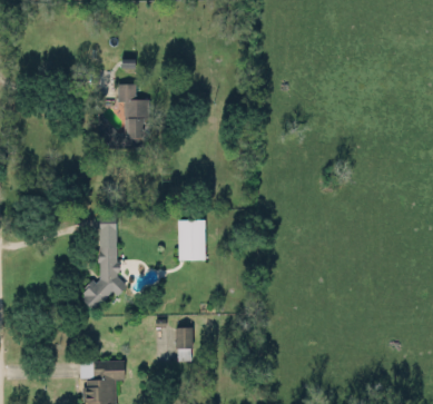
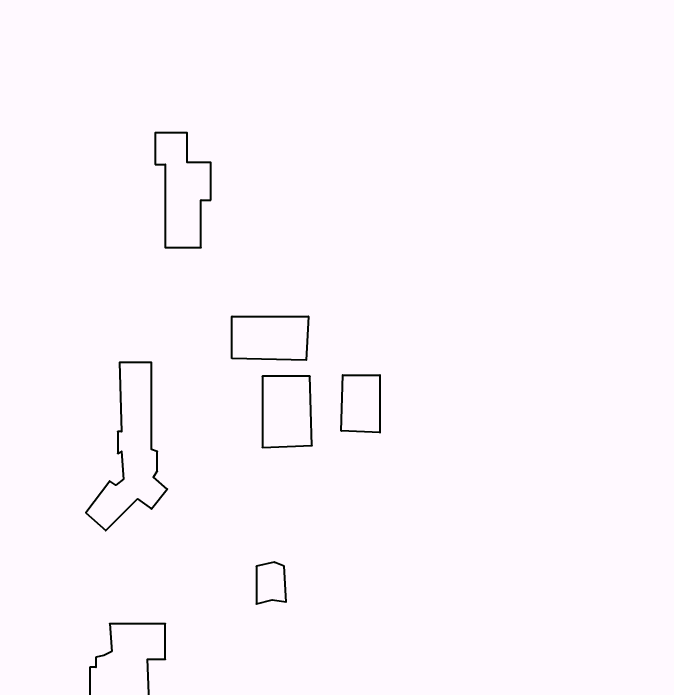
building: none -> [232,316,308,360]
building: none -> [341,375,380,433]

